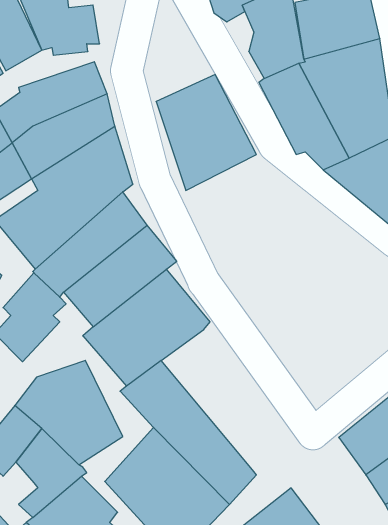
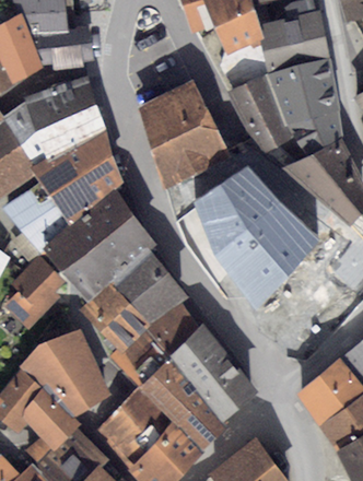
building: none -> [194,166,321,312]
building: none -> [145,303,258,422]

